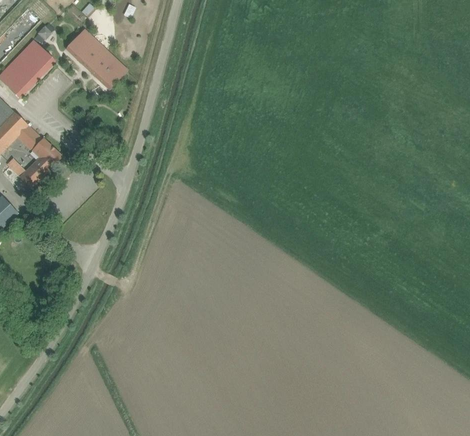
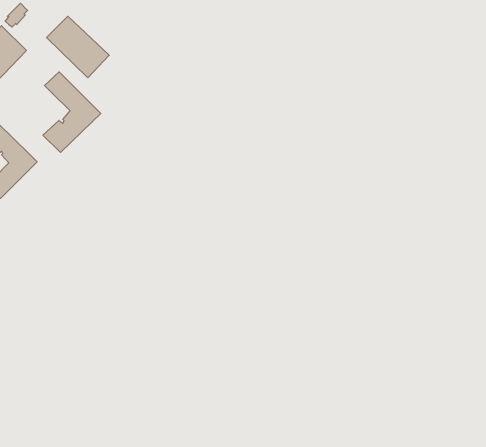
building: none -> [43,72,101,152]

